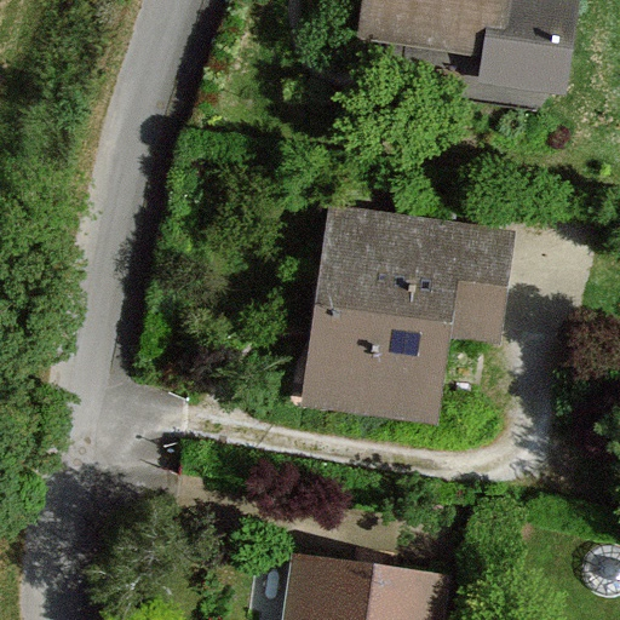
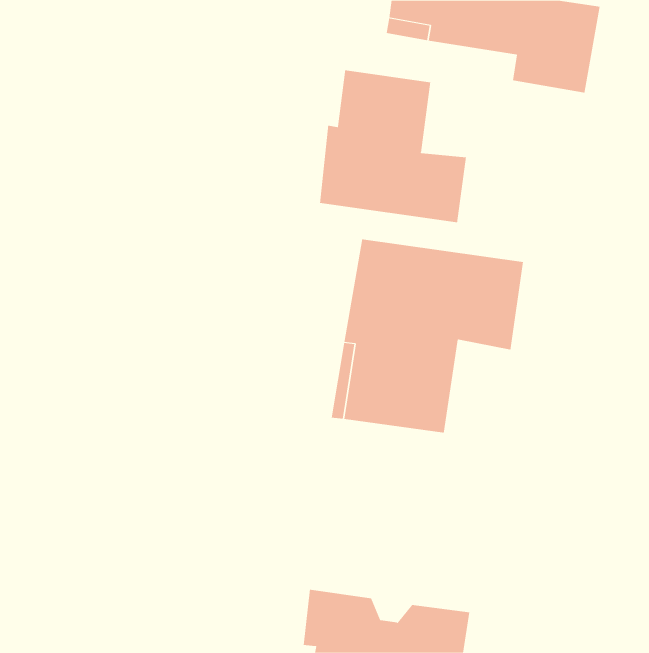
building: none -> [319,70,467,223]

